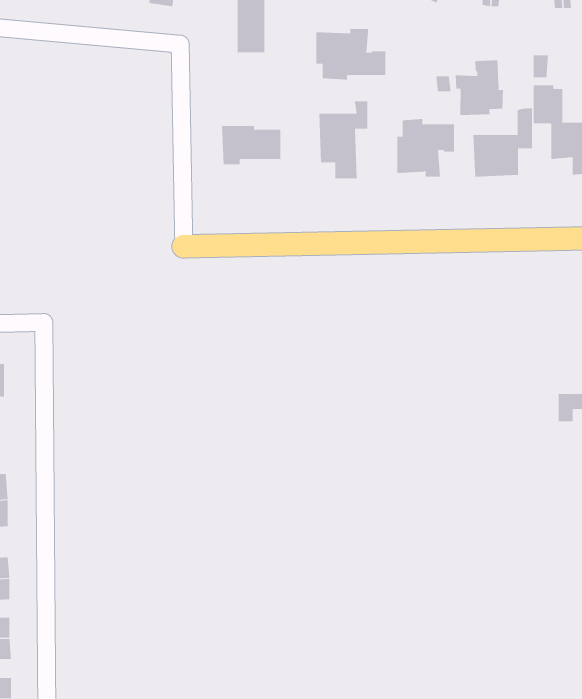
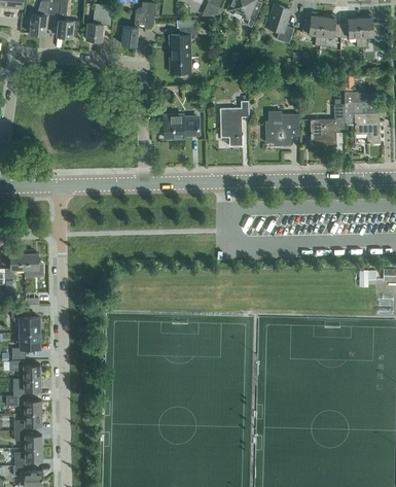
building: [316,28,386,80] -> none
building: [455,60,503,116] -> none

